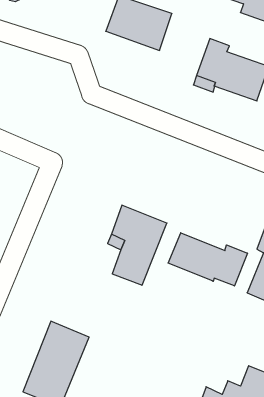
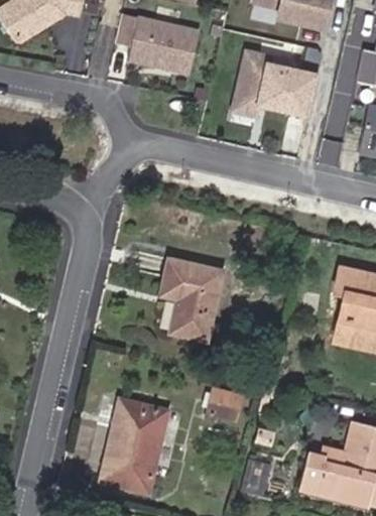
building: [168,233,247,286] -> none
building: none -> [206,388,242,419]

